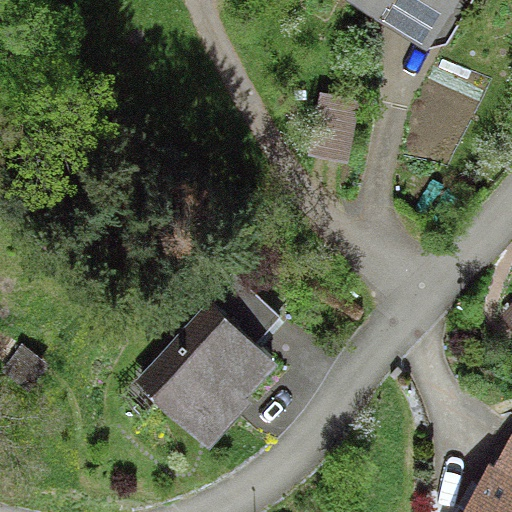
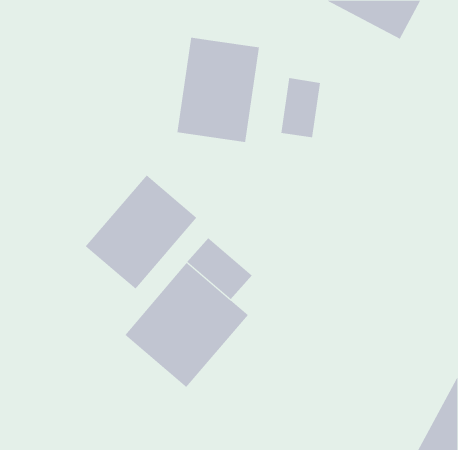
building: none -> [177,37,260,143]
building: none -> [85,174,197,290]

